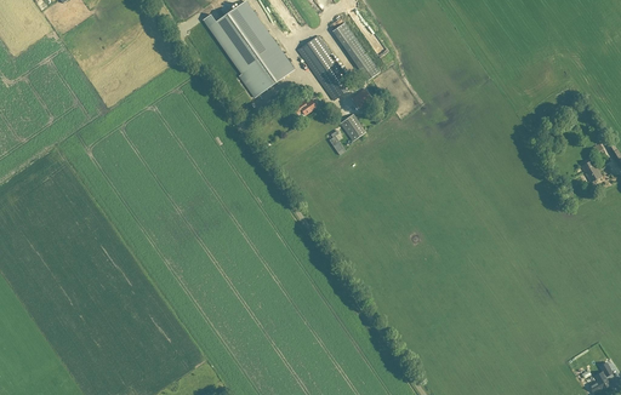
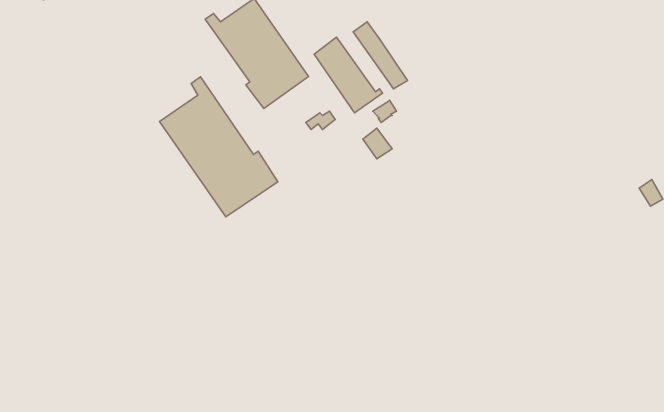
building: none -> [159,77,278,217]

